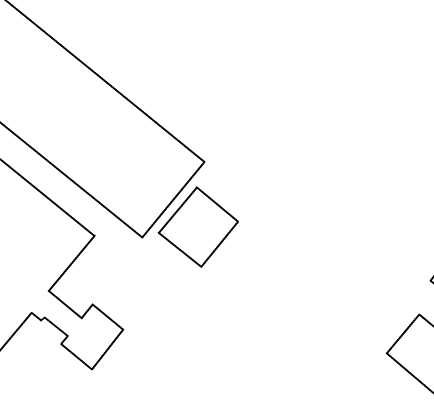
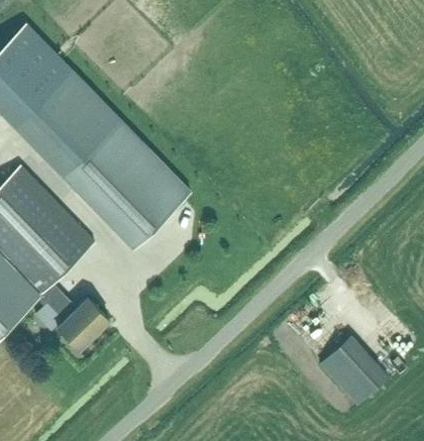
building: [159,187,238,267] -> none

